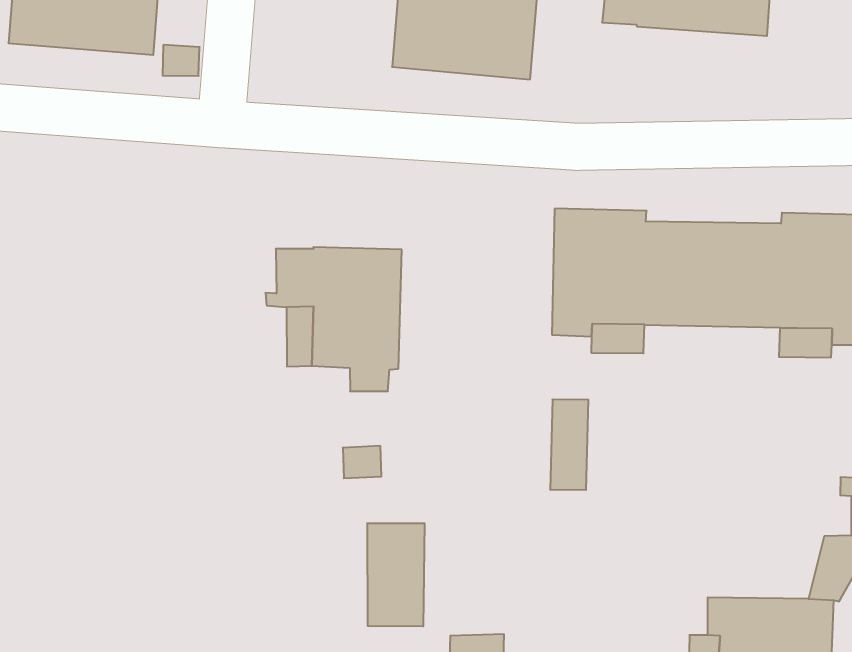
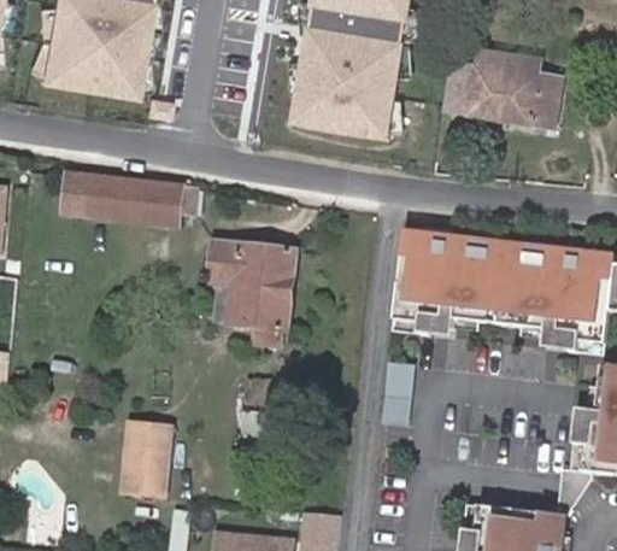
building: none -> [61,171,193,222]
building: [367,523,425,626] -> [122,421,166,493]

